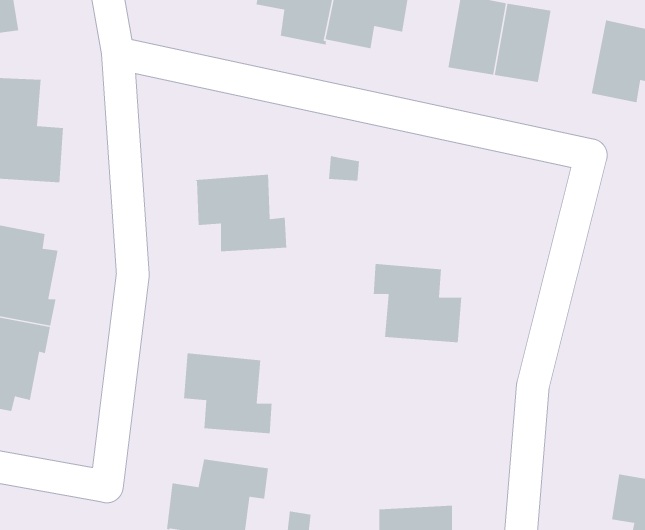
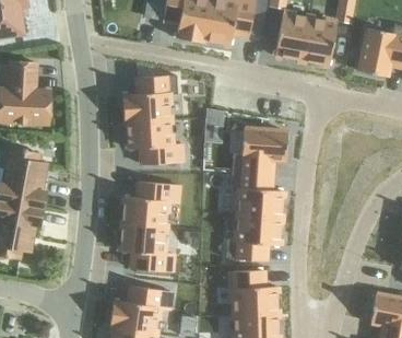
building: none -> [122,74,177,123]
building: none -> [232,129,286,174]
building: none -> [121,182,177,228]
building: none -> [225,214,281,260]
building: none -> [232,270,277,315]

